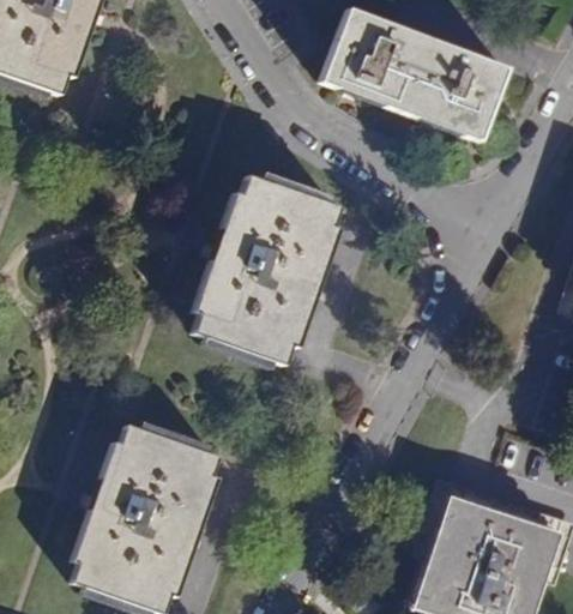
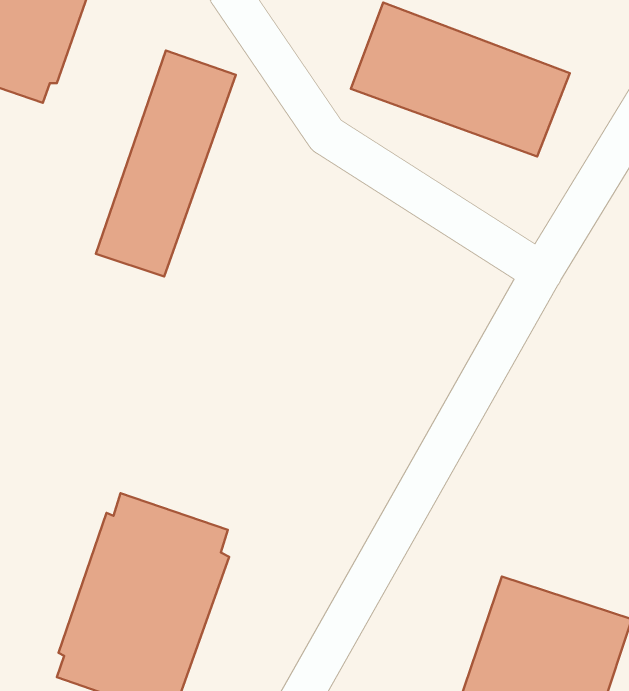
building: none -> [96,51,236,276]
building: [191,175,338,363] -> none

